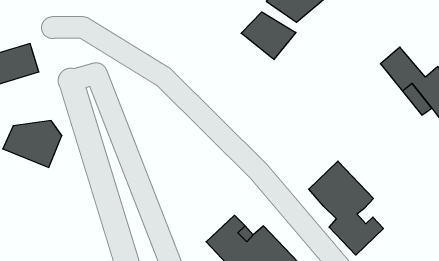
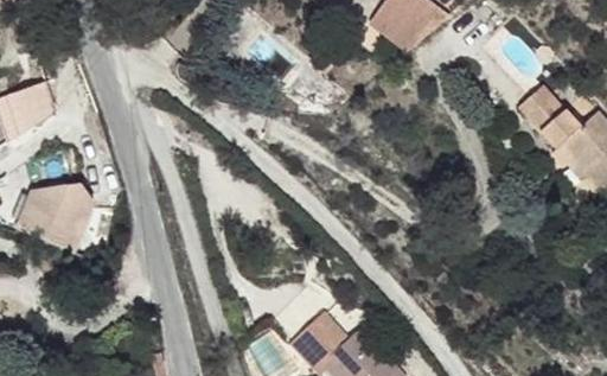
building: [241,12,296,60] -> none
building: [309,161,383,255] -> none

